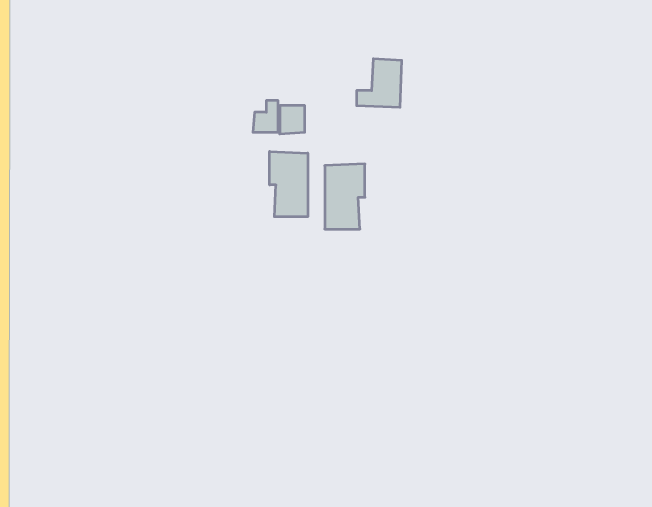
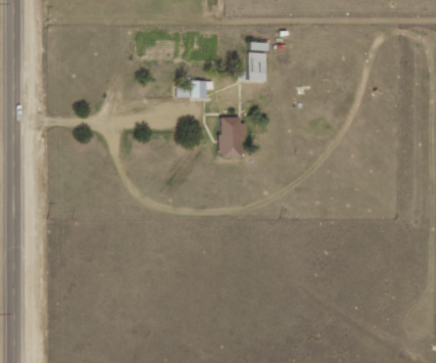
building: [270,151,308,217] -> none

